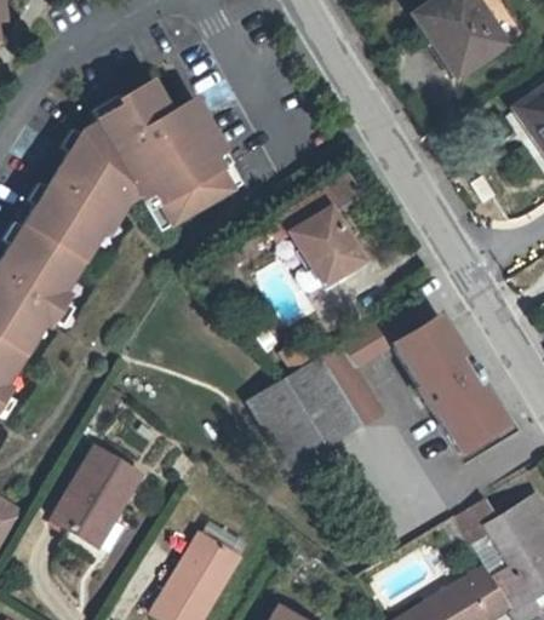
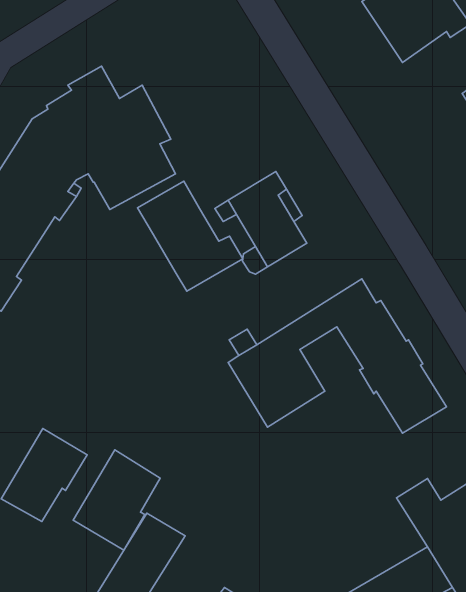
building: none -> [137,181,243,291]
building: [247,381,321,469] -> none
building: none -> [73,450,160,550]

